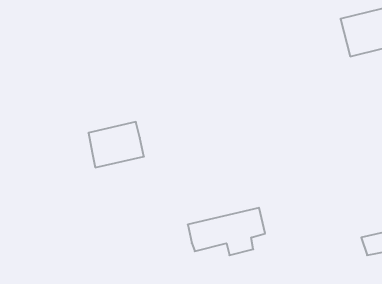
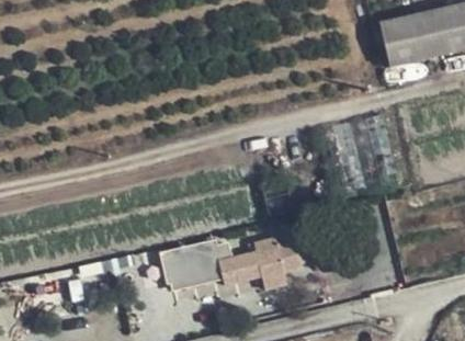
building: [88,122,144,167] -> [157,238,218,288]

